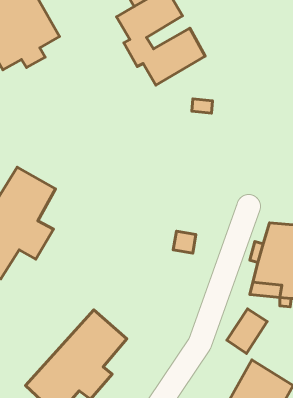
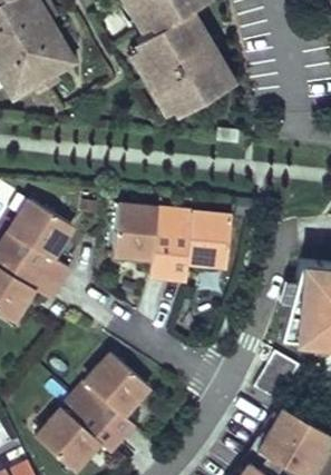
building: none -> [114,206,232,279]

